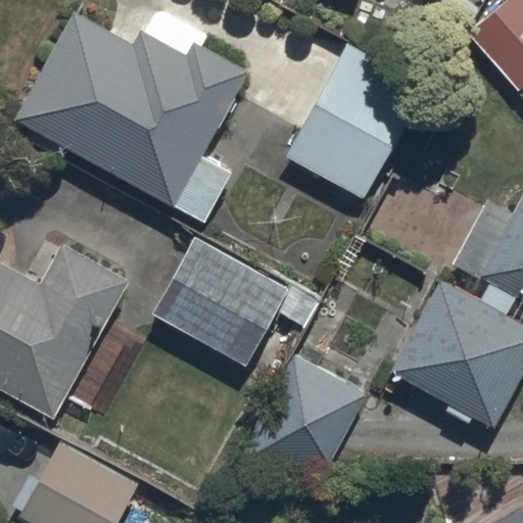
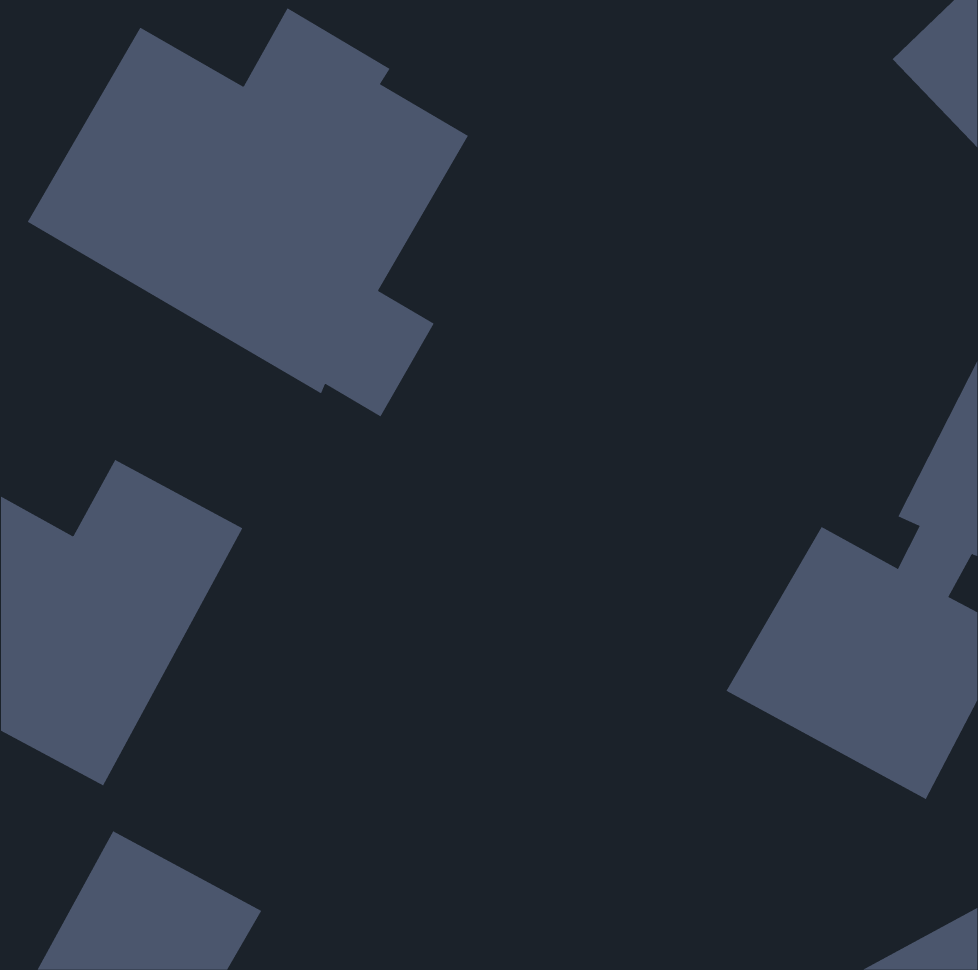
building: [288,41,424,197] -> none
building: [154,243,284,362] -> none
building: [237,355,365,495] -> none

